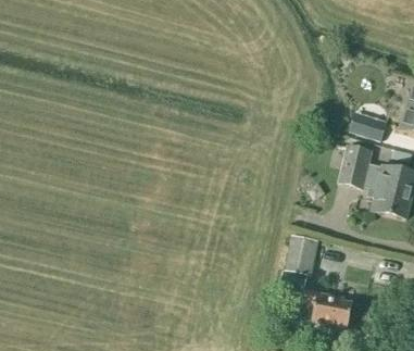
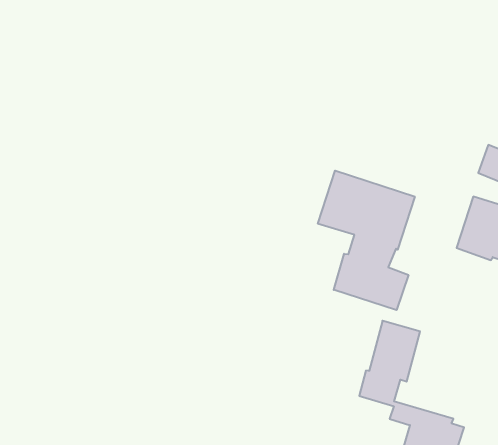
building: none -> [318,171,415,310]

